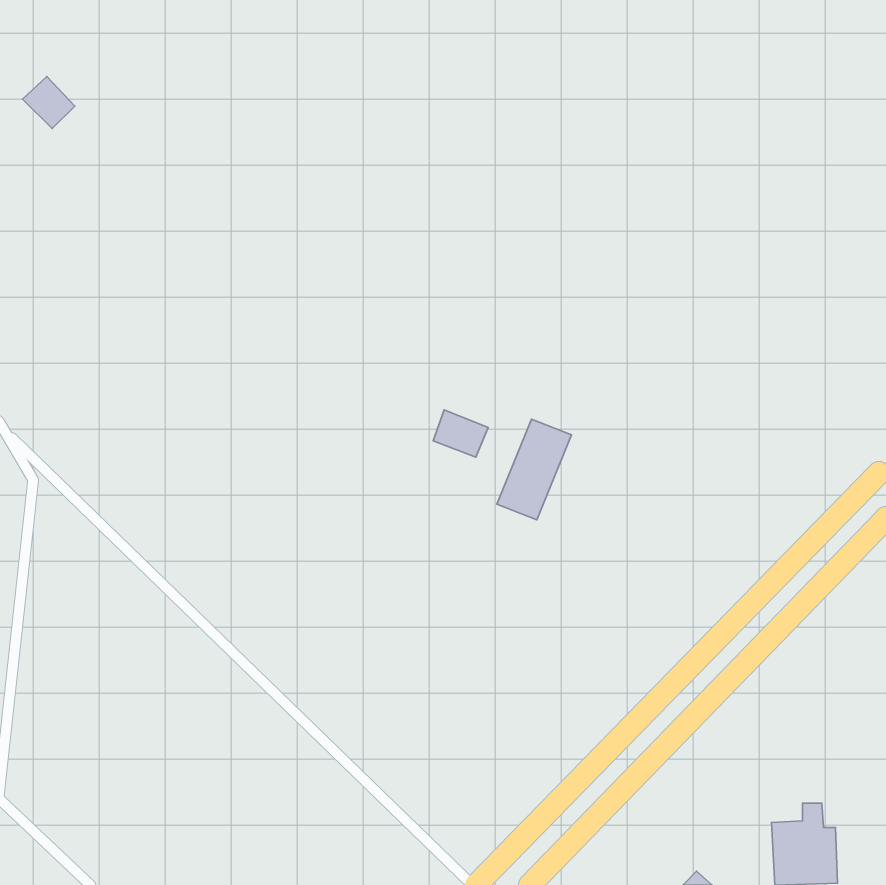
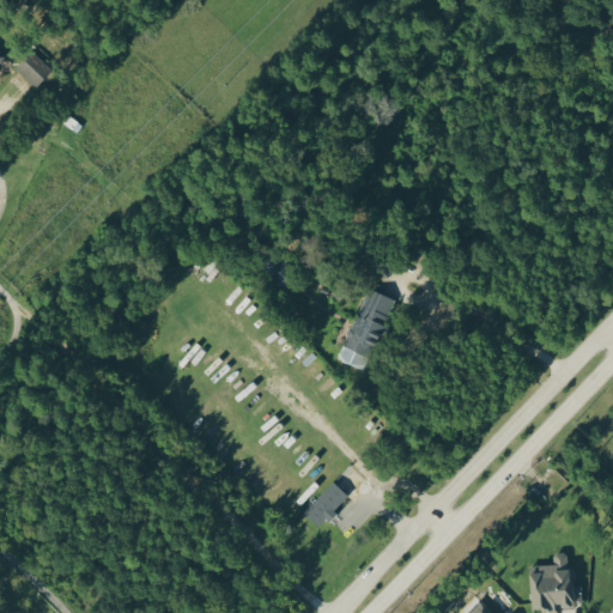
building: [433,410,488,457] -> none
building: none -> [304,481,350,528]

